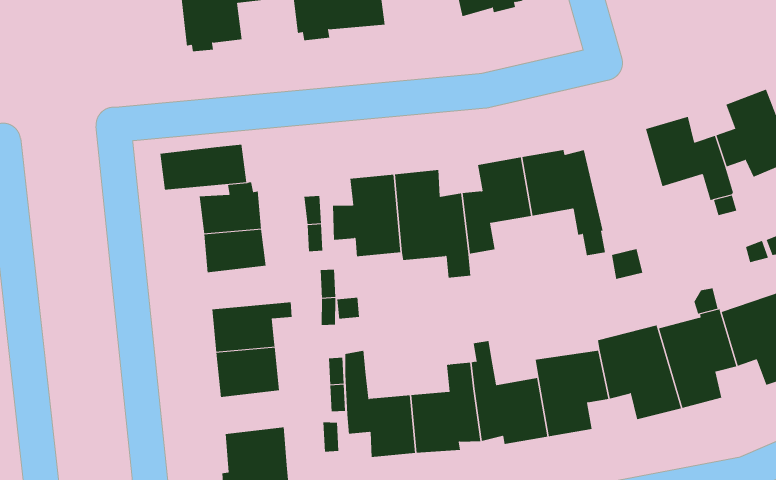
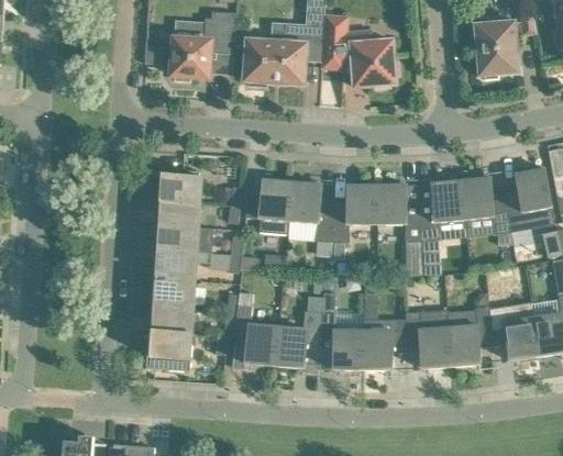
building: none -> [418,180,464,242]
building: [159,144,247,190] -> [157,224,213,253]
building: none -> [152,307,192,333]

